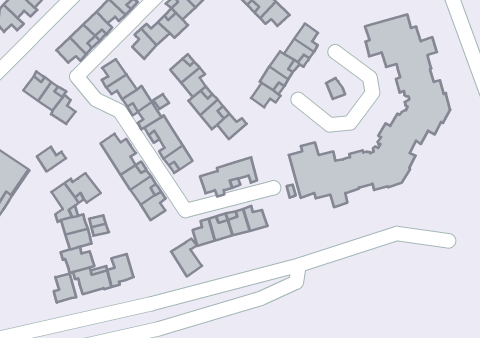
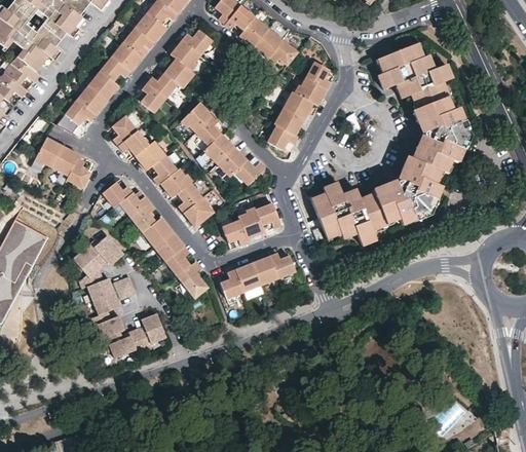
building: [37,147,66,171] -> [102,182,132,208]
building: [171,239,202,276] -> [177,261,210,300]
building: [54,274,76,303] -> none

